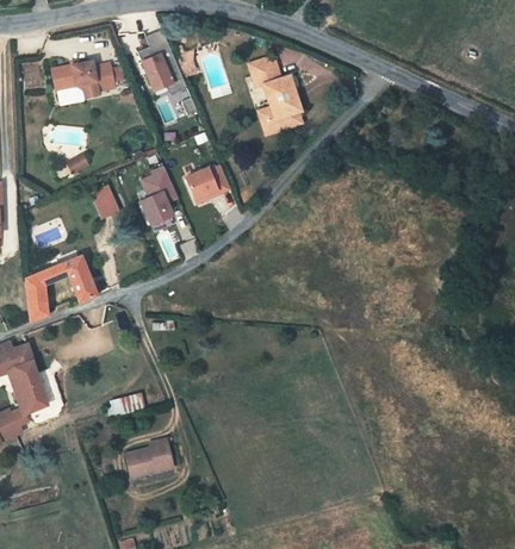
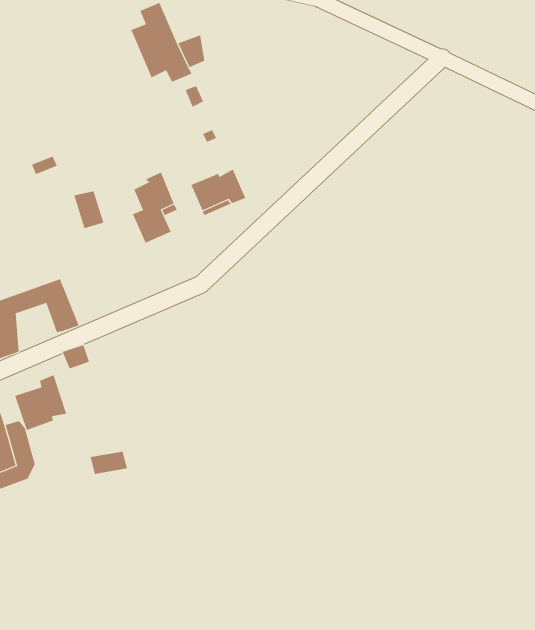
building: [253,57,304,133] -> none
building: [52,68,113,104] -> none
building: none -> [14,375,67,431]
building: [116,444,163,479] -> none

